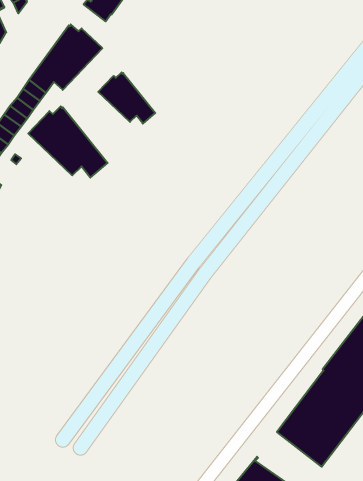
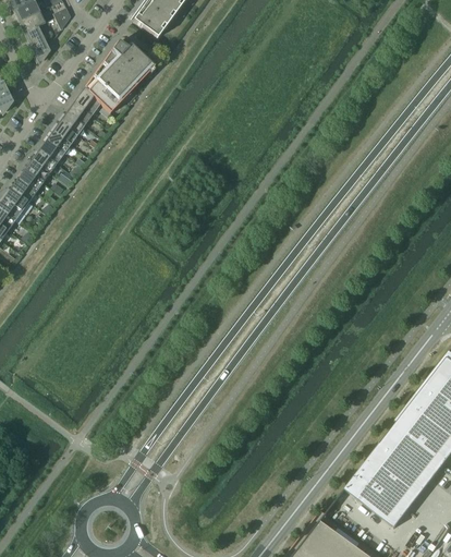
building: [98,72,155,124] -> none
building: [28,106,108,178] -> none

